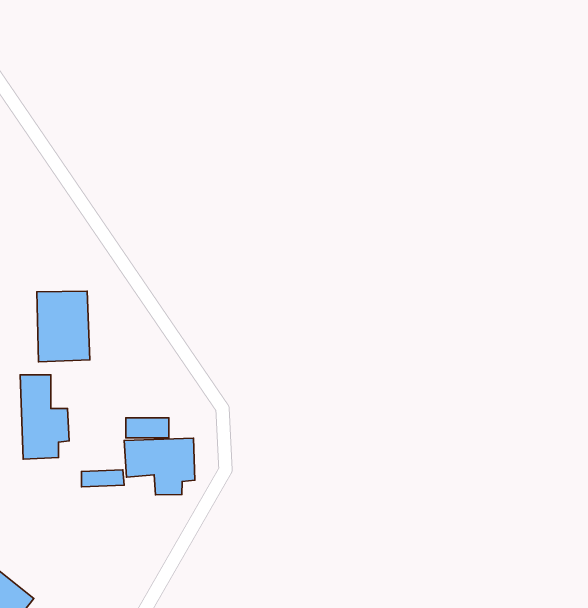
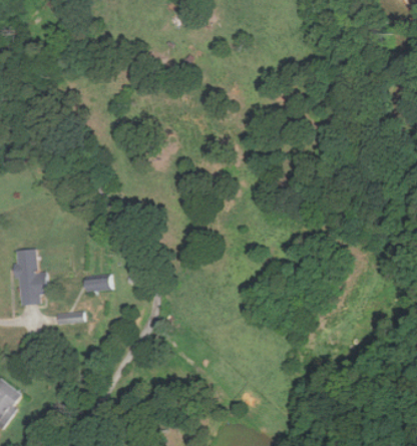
building: [37,291,90,362] -> none
building: [124,438,195,495] -> none

